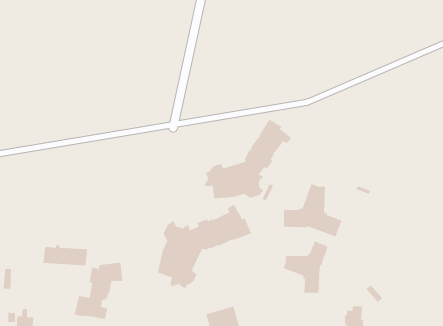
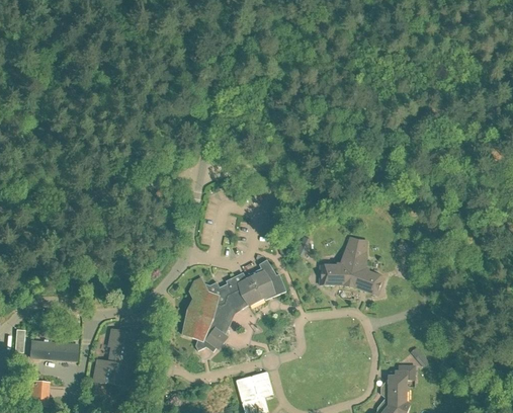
building: [204,119,292,199] -> none
building: [283,240,328,294] -> none
building: [42,245,88,266] -> [28,338,78,361]

